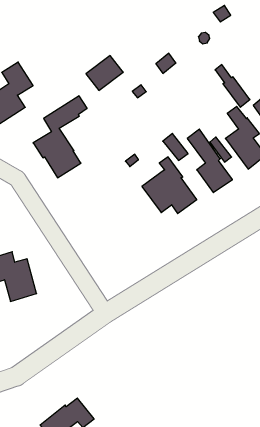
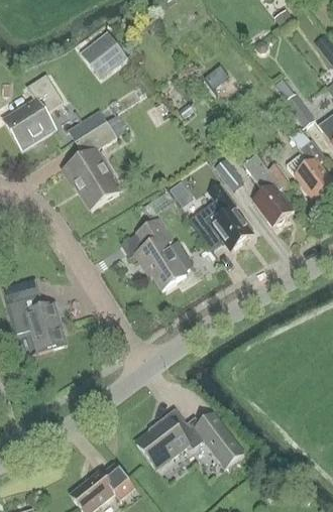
building: [86,56,123,90] -> [80,32,123,73]
building: none -> [135,219,192,288]
building: none -> [136,409,243,469]

